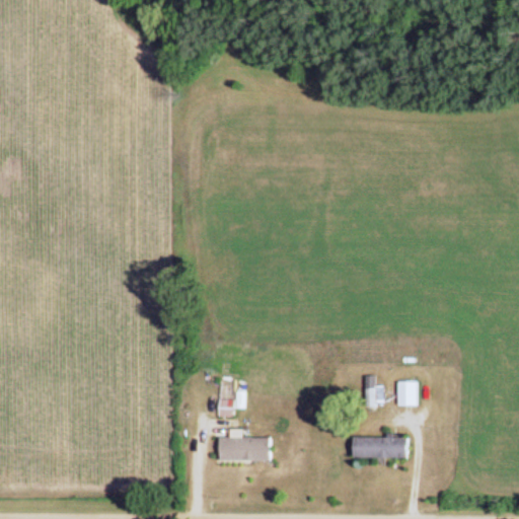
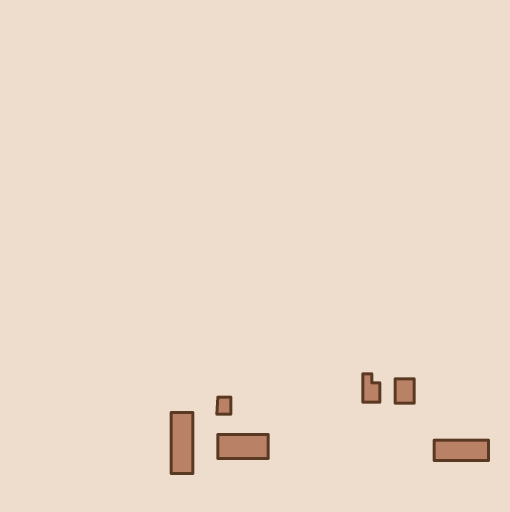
building: none -> [171,412,193,473]
building: [353,436,407,456] -> [434,440,489,460]

